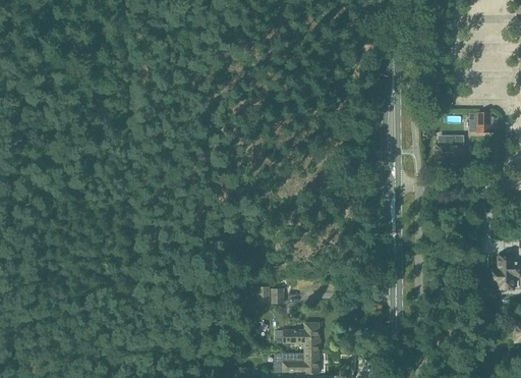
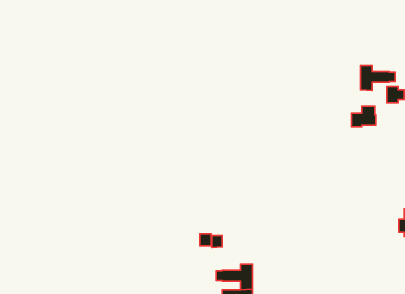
building: none -> [361,66,395,91]

